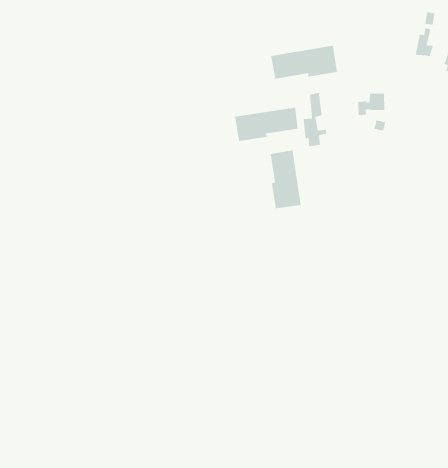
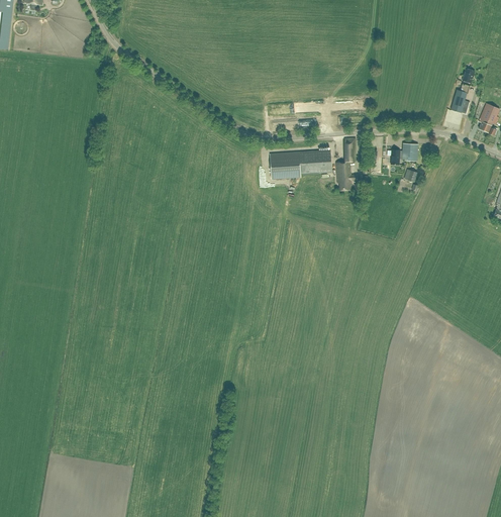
building: [270,45,338,80] -> none
building: [270,149,302,209] -> none

